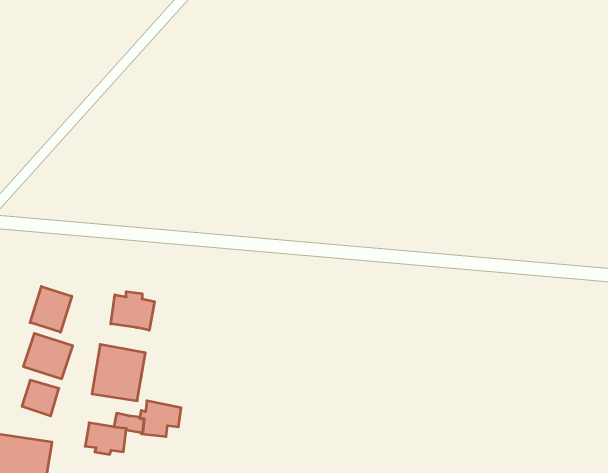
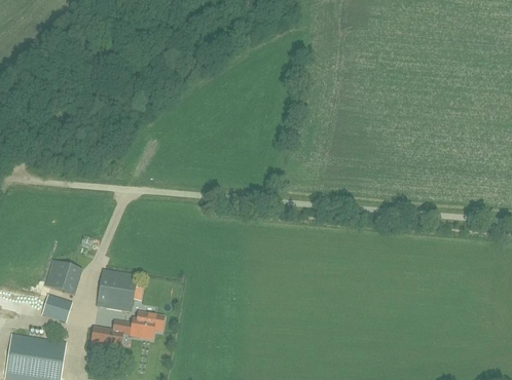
building: [30,286,72,332] -> none
building: [111,292,155,330] -> none

